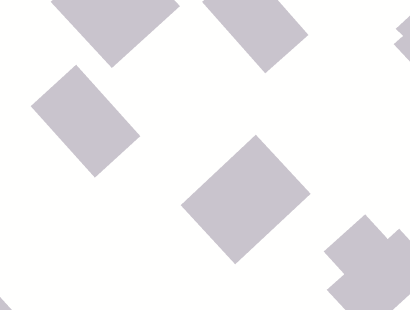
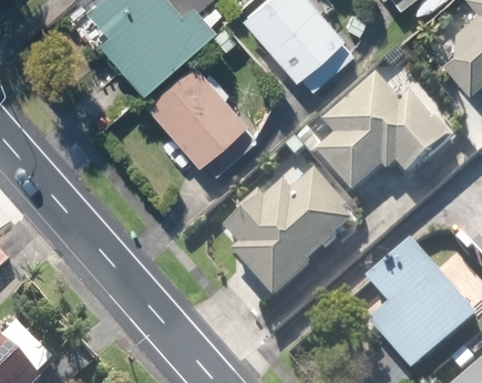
building: none -> [312,71,451,194]
building: [30,64,141,178] -> [142,54,261,177]

